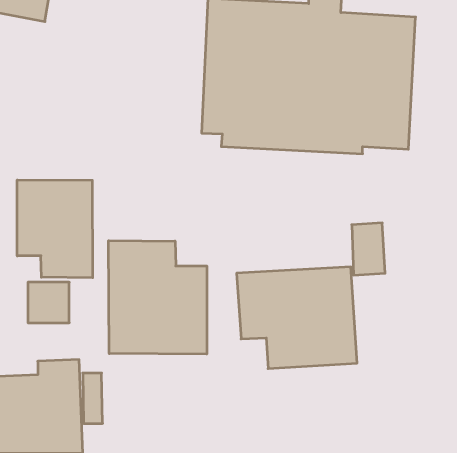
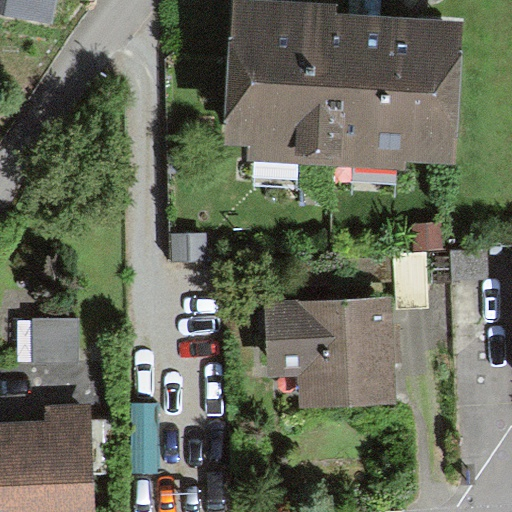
building: [17,180,93,278] -> none
building: [109,241,207,354] -> none

